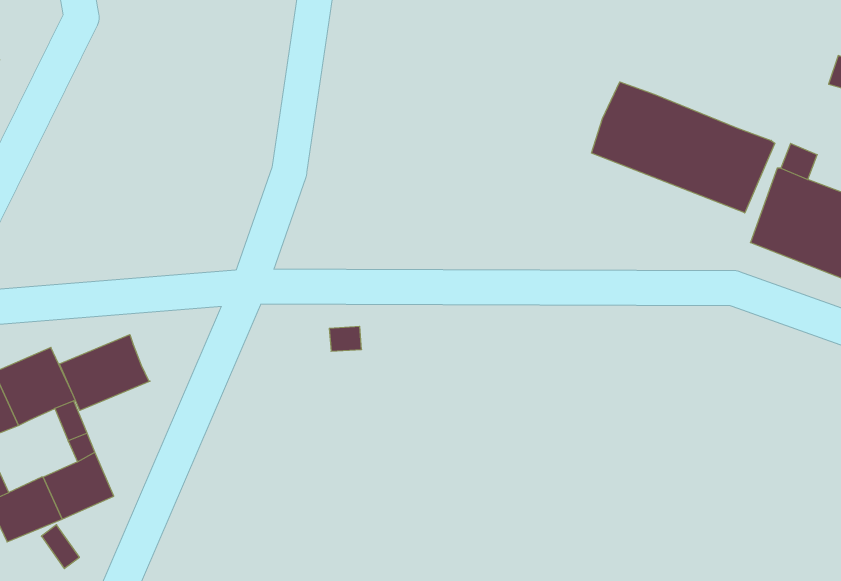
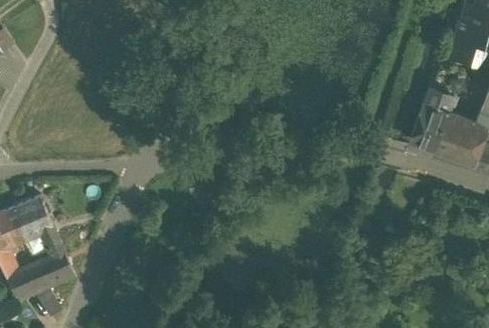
building: [591,82,775,213] -> none
building: [60,335,150,410] -> none

